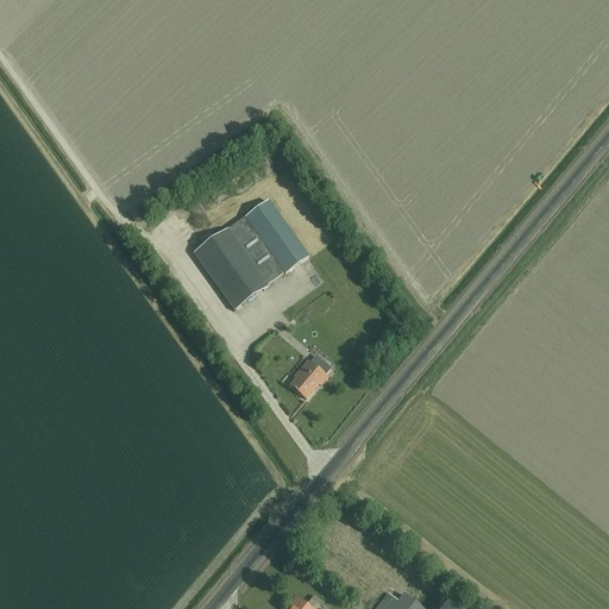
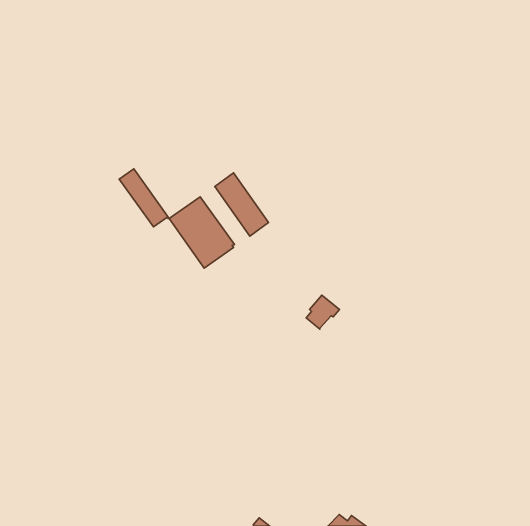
building: [230,214,287,281] -> [119,169,169,227]
building: [290,358,328,397] -> [306,295,339,329]

